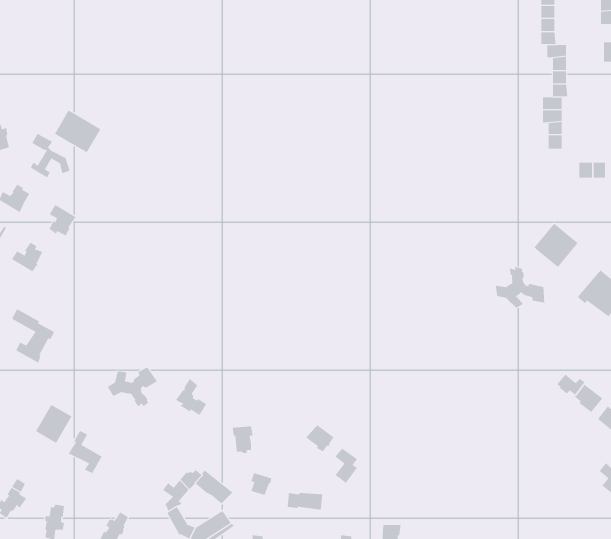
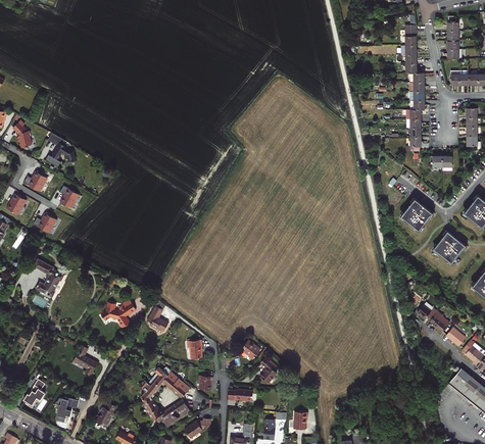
building: [54,110,101,153] -> none
building: [495,266,545,309] -> none
building: [35,404,72,444] -> none

